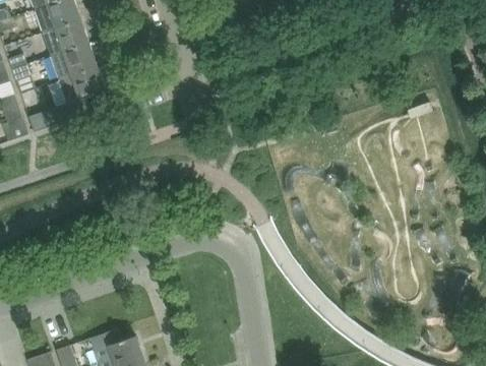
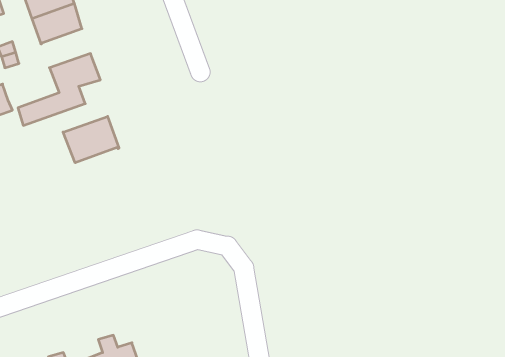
building: [50,43,96,79] -> none
building: none -> [63,116,119,163]

